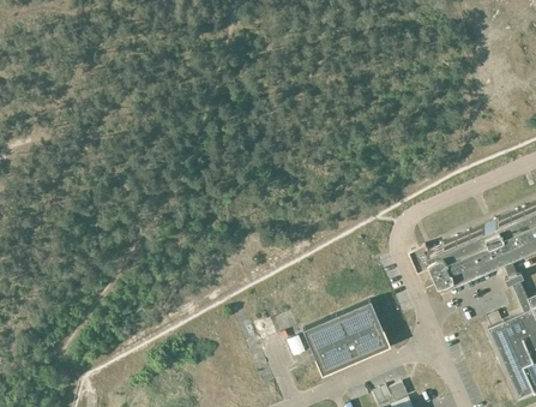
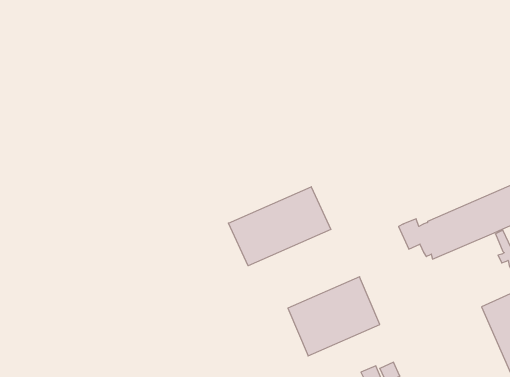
building: none -> [228,187,331,266]

